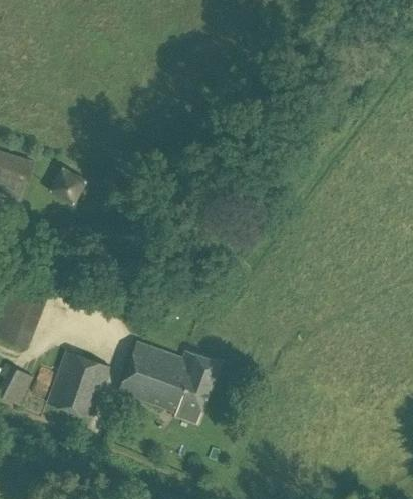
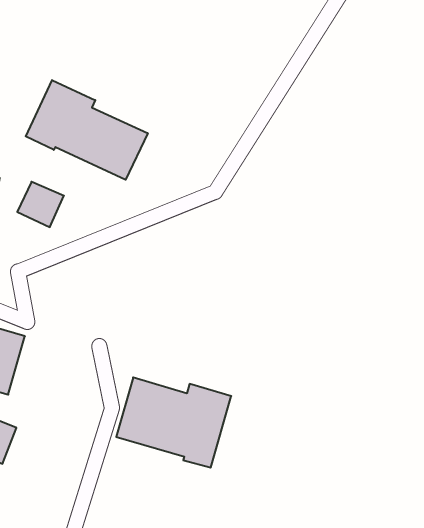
building: none -> [26,80,148,180]
building: [48,352,109,418] -> none

